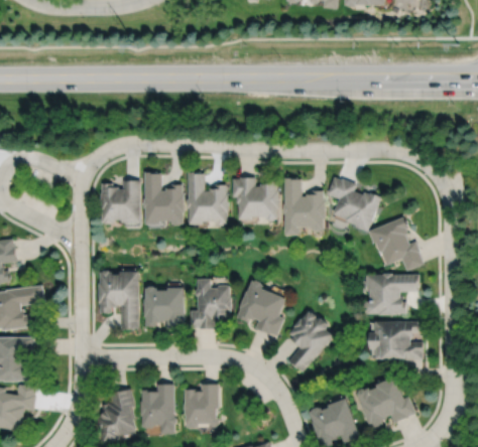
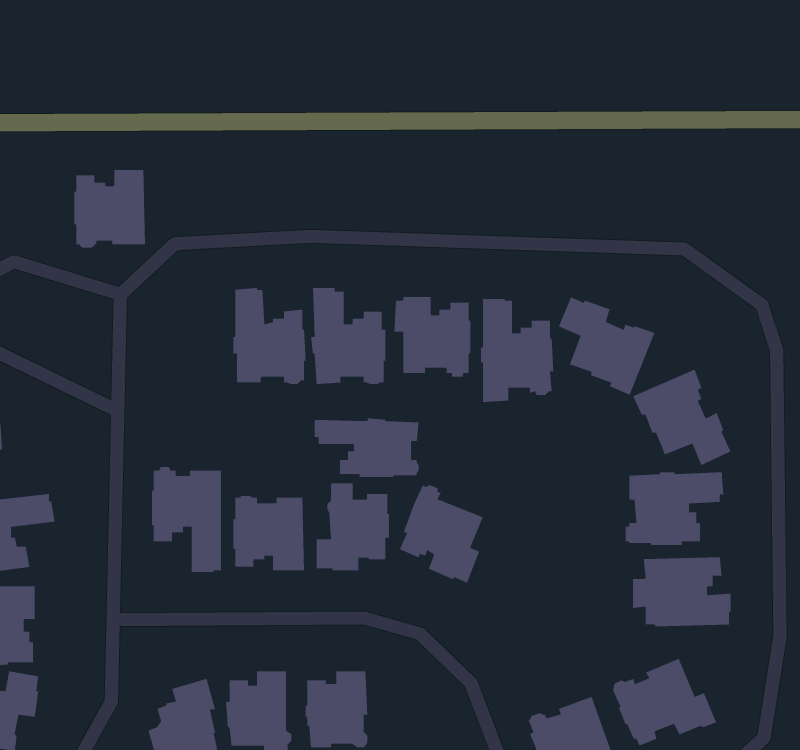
building: [101,180,141,225] -> [74,169,146,249]
building: none -> [314,418,420,478]
building: [286,312,332,372] -> none

